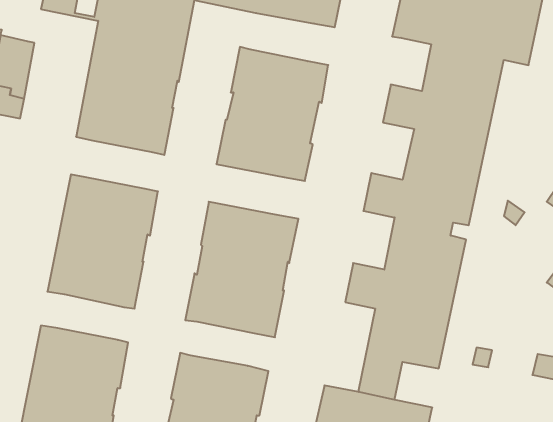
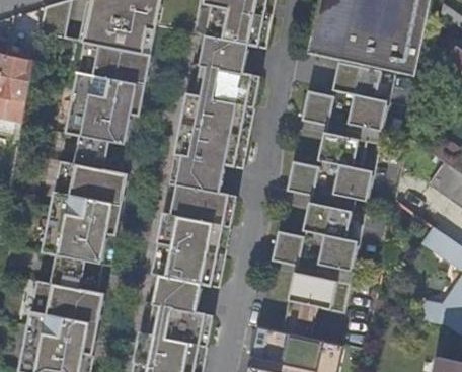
building: none -> [199,36,248,74]
building: none -> [70,136,123,173]
building: none -> [166,154,225,194]
building: none -> [49,255,100,291]
building: none -> [152,277,202,311]

